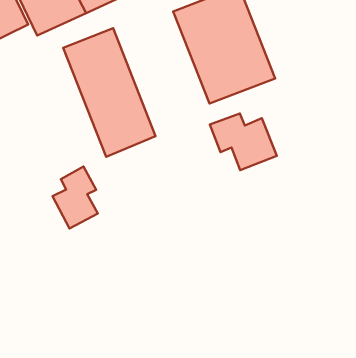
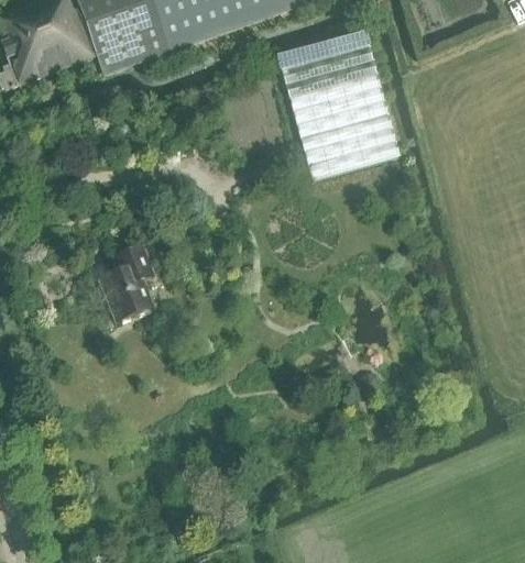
building: [63,28,156,157] -> none
building: [210,114,277,170] -> none

